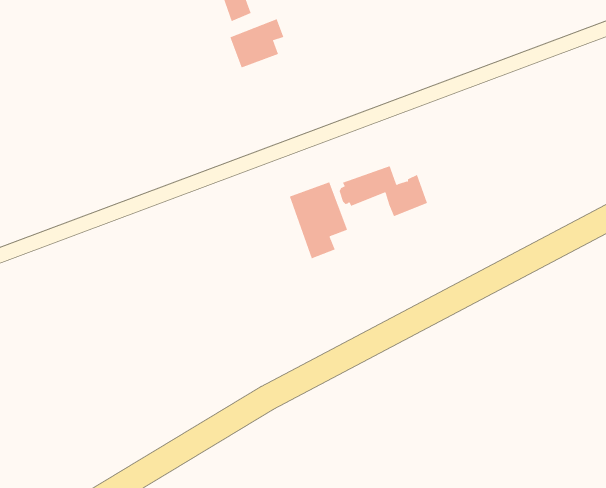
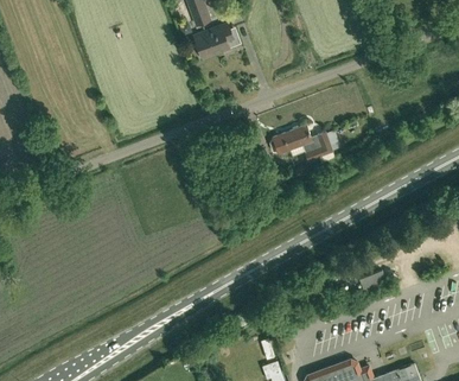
building: [289,182,348,259] -> none

